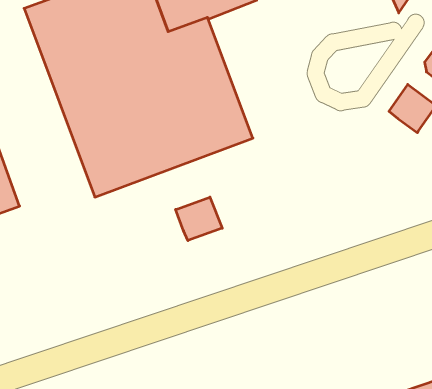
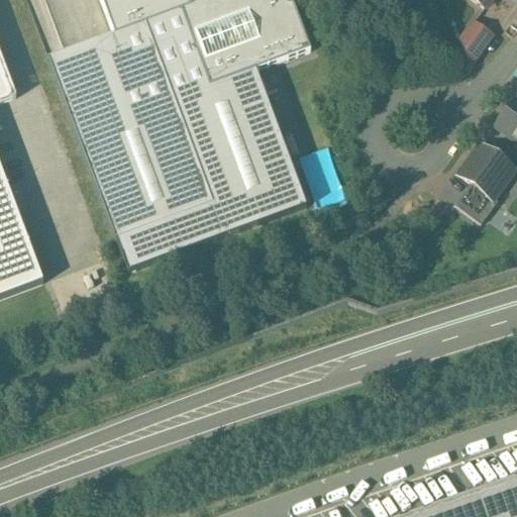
building: none -> [454,179,498,219]
building: [176,197,222,241] -> none

